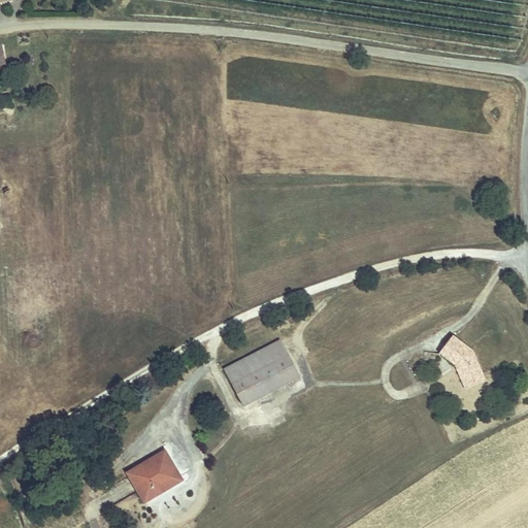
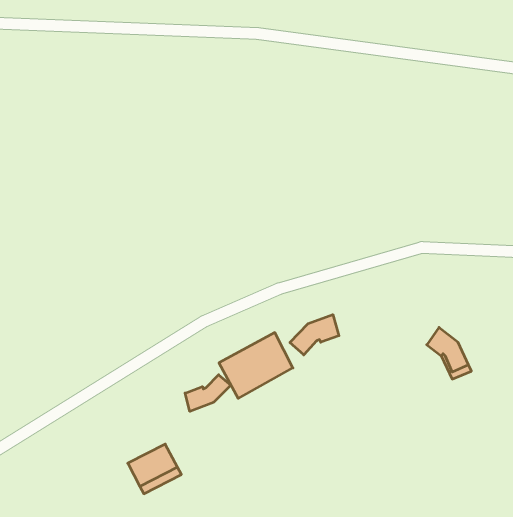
building: none -> [290,315,339,355]
building: none -> [185,375,231,411]

